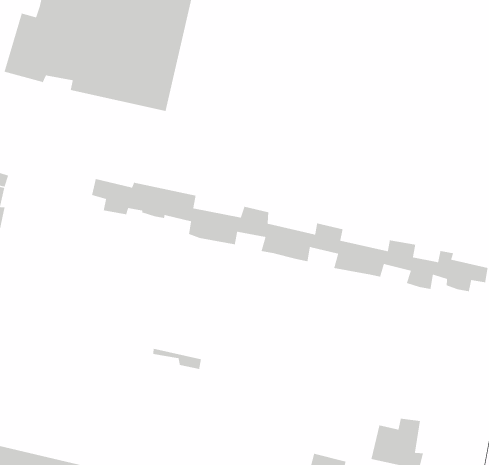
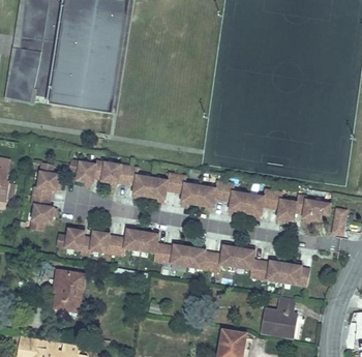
building: none -> [30,162,58,231]
building: none -> [56,228,307,285]
building: none -> [55,273,82,310]

